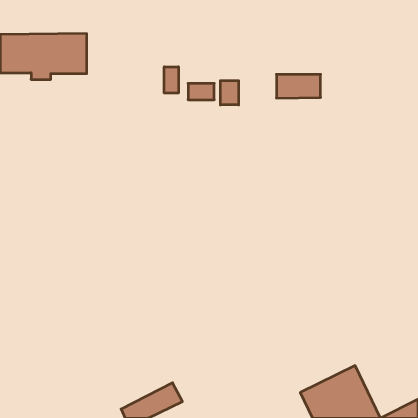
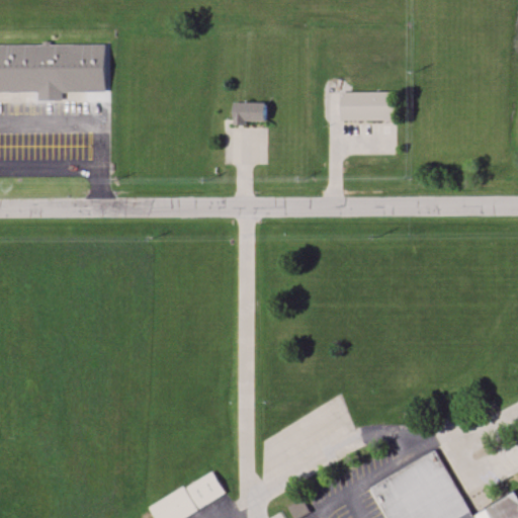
building: [164,67,178,93] -> none
building: [220,81,239,105] -> none

